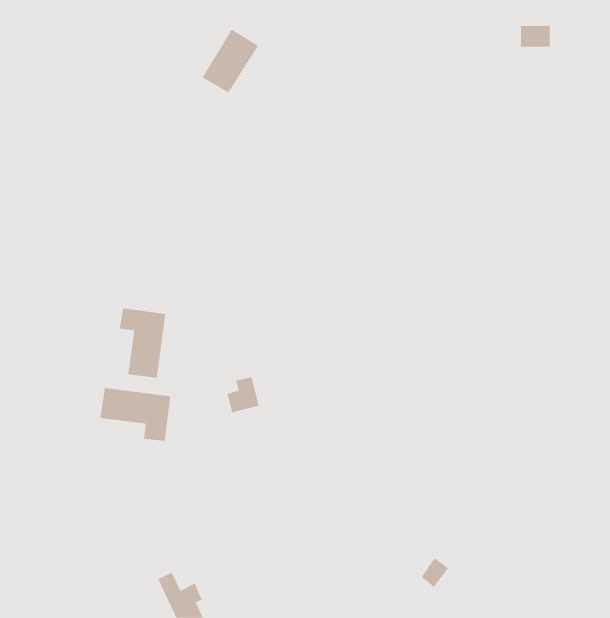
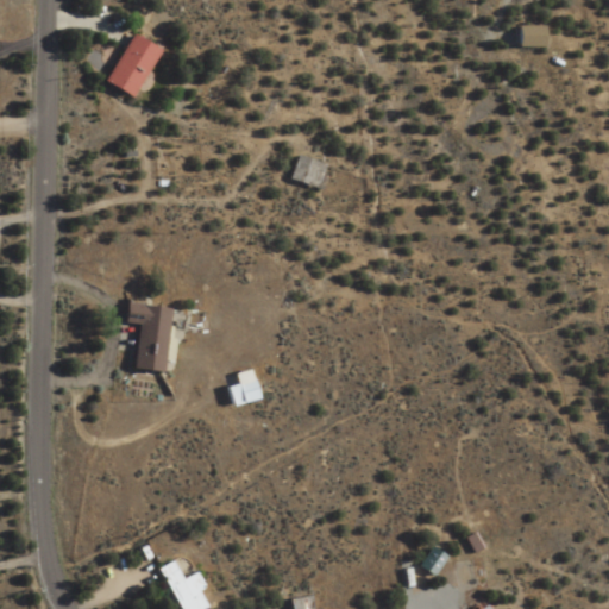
building: [202,29,259,93] -> [107,33,163,96]
building: none -> [294,155,329,188]
building: [100,387,171,441] -> none

